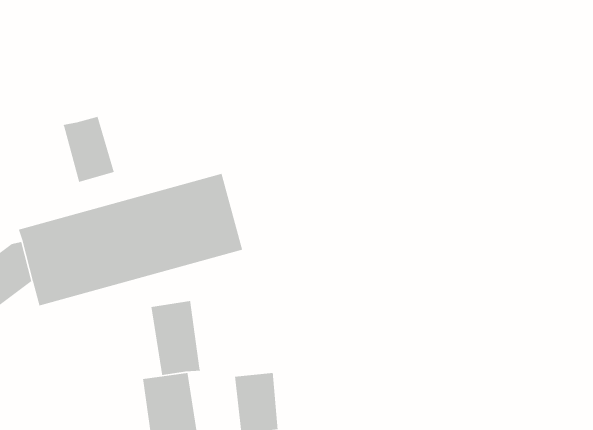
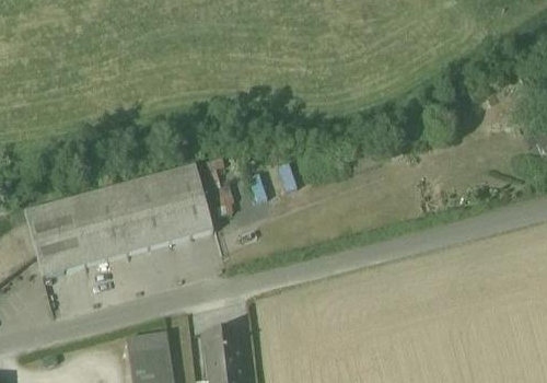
building: [63,116,115,183] -> none
building: [150,300,201,376] -> none

